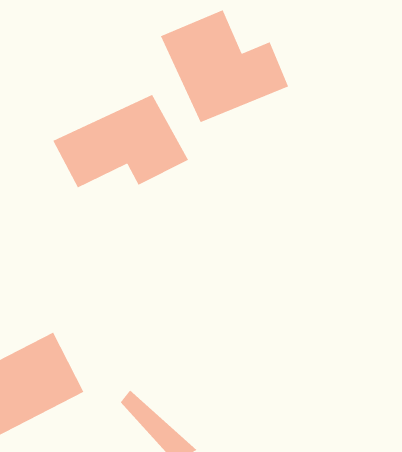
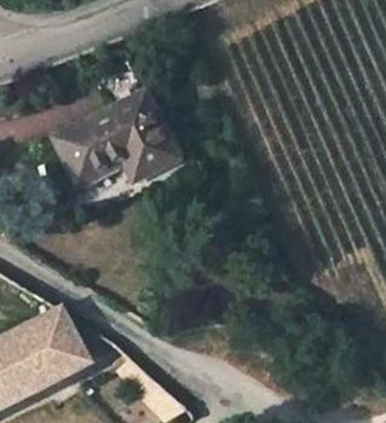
building: [160,9,289,123] -> none

